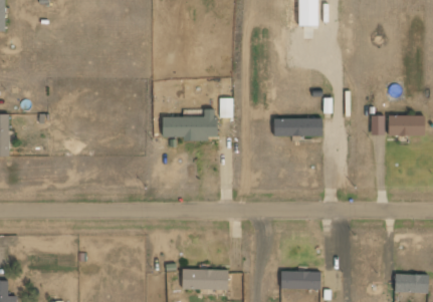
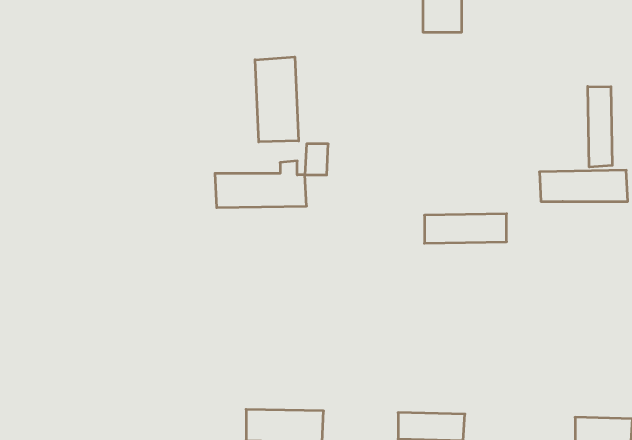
building: none -> [255,57,299,142]
building: none -> [588,86,612,167]
building: [270,117,323,136] -> [424,214,507,243]

